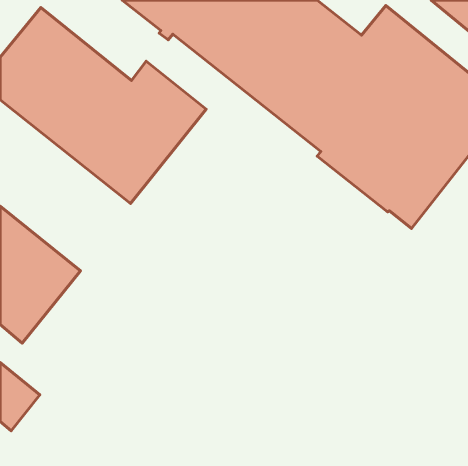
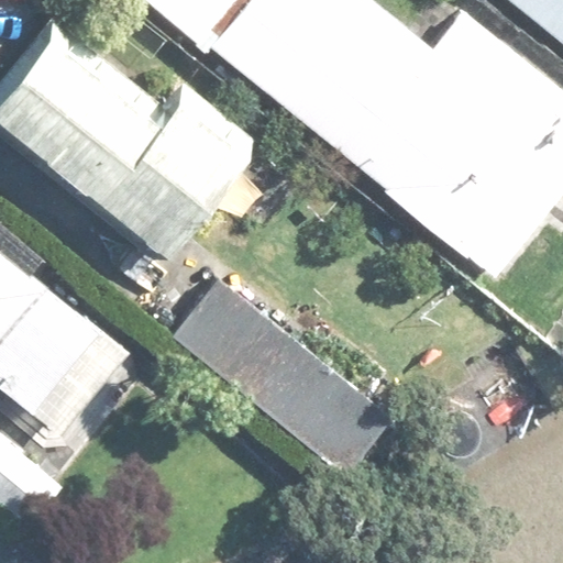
building: none -> [174,278,389,474]

